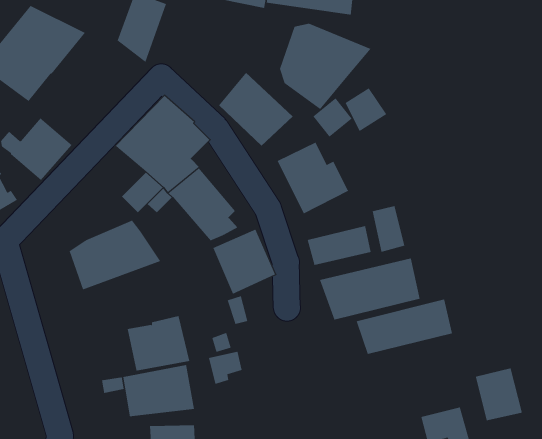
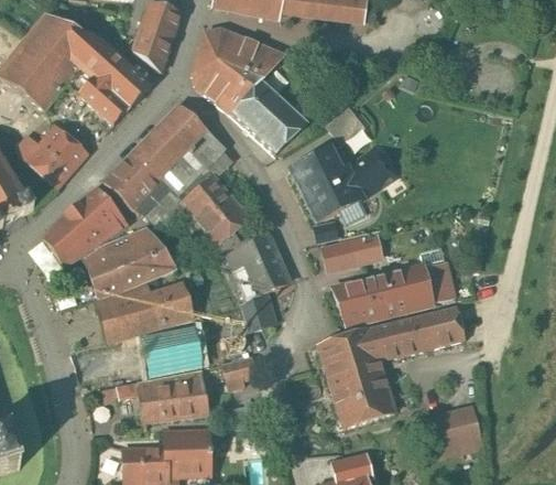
building: [279,23,372,110] -> [192,28,283,114]
building: none -> [67,42,150,125]
building: [345,87,387,132] -> [347,153,389,197]
building: none -> [105,154,161,208]
building: none -> [44,186,129,269]
building: [372,206,405,252] -> [424,259,457,305]
building: none -> [96,272,194,342]
building: none -> [317,326,395,428]
building: [475,367,522,421] -> none

